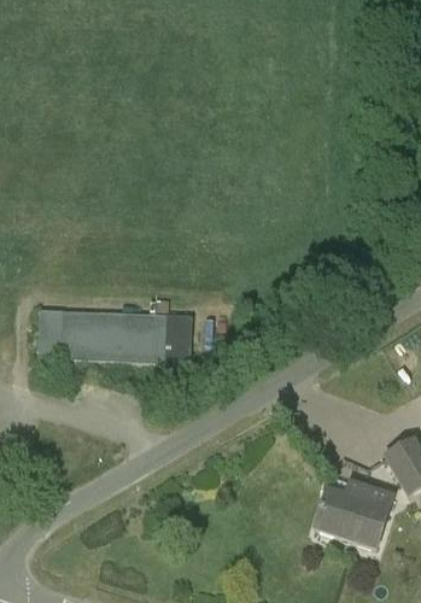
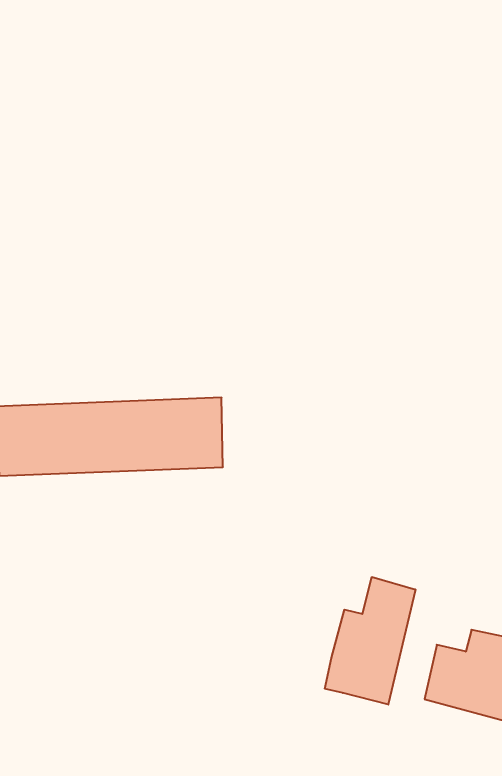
building: none -> [325,577,415,705]

